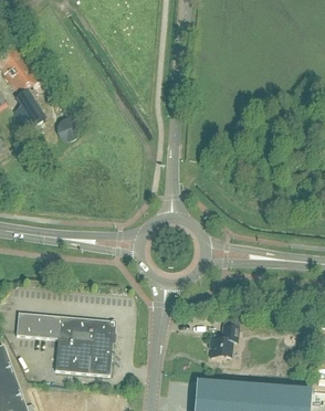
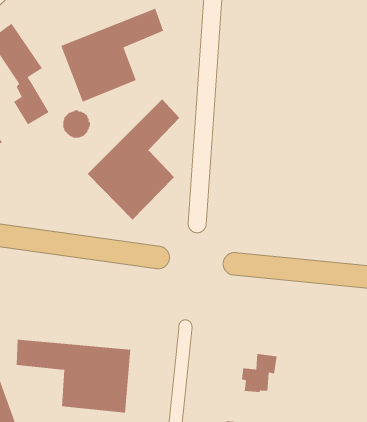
building: none -> [61,8,164,102]
building: none -> [87,98,180,220]

